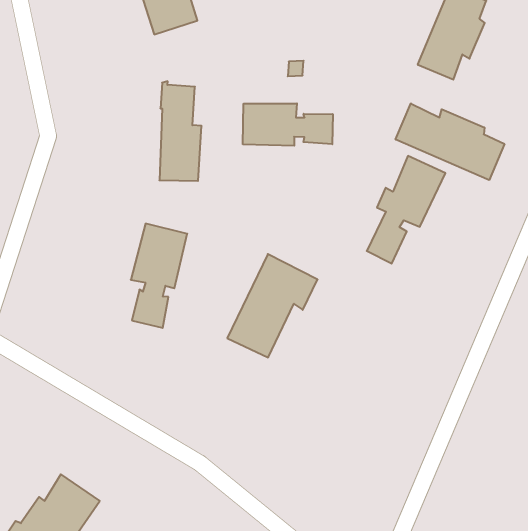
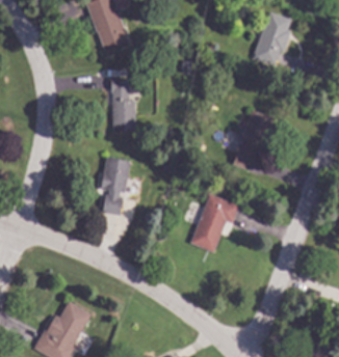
building: [396,103,504,180] -> none
building: [243,103,333,146] -> none
building: [227,254,318,357] -> [189,193,238,251]

